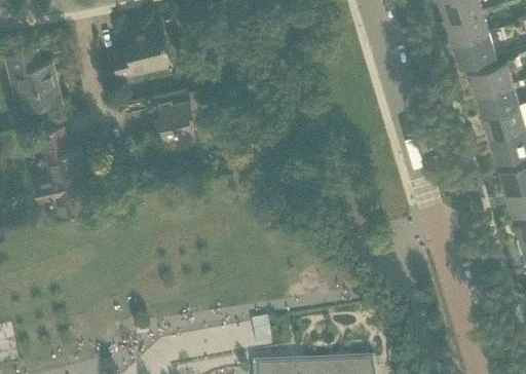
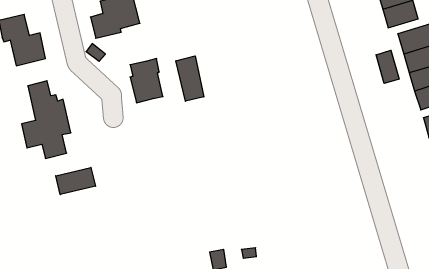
building: none -> [376,50,399,83]
building: none -> [176,56,204,101]
building: none -> [56,167,96,195]

